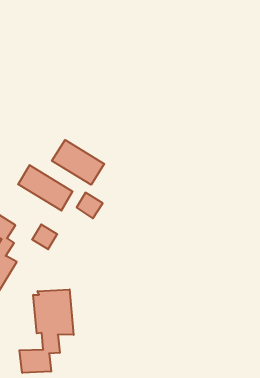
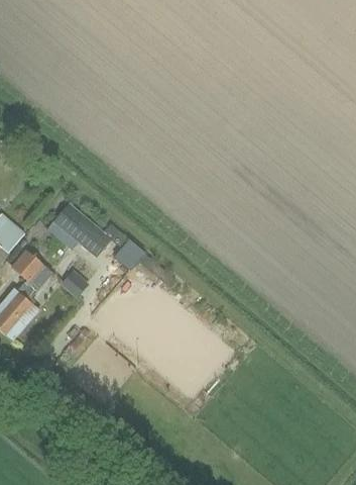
building: [52,140,104,185] -> none
building: [19,289,74,373] -> none

